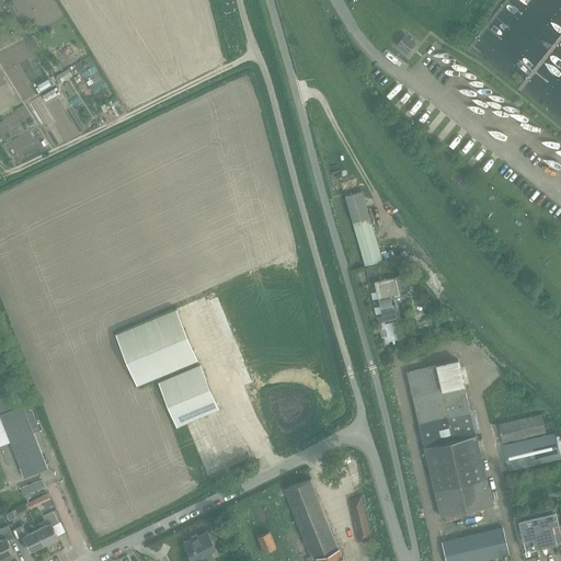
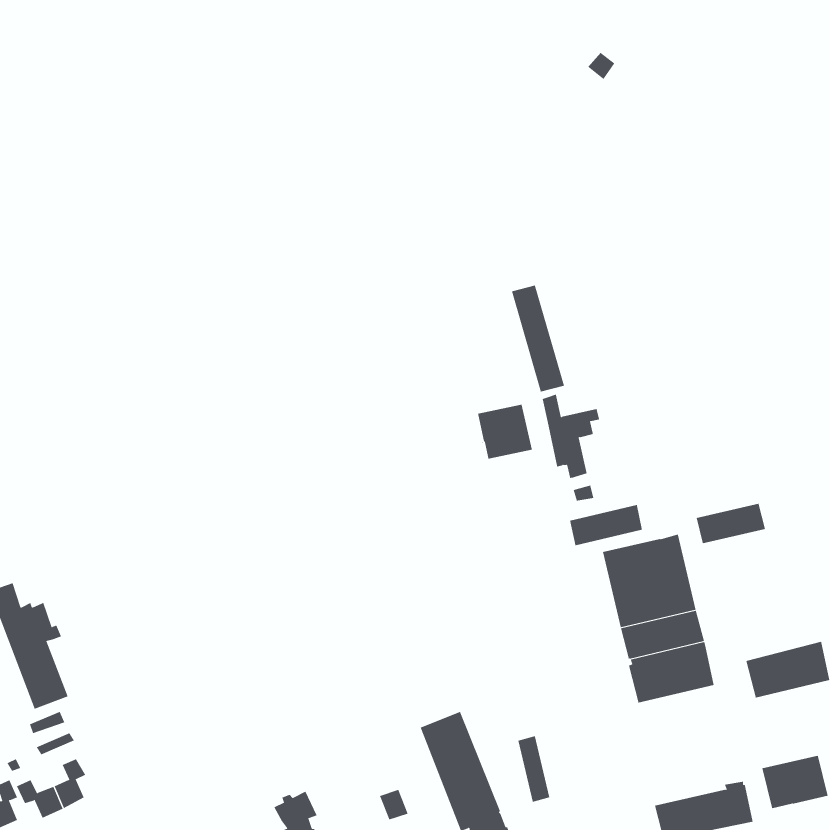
building: none -> [475,404,532,460]
building: [114,309,197,387] -> none
building: none -> [570,504,643,546]
building: [158,366,218,427] -> none
building: [497,415,545,443] -> [696,503,766,544]
building: [430,462,491,518] -> none

